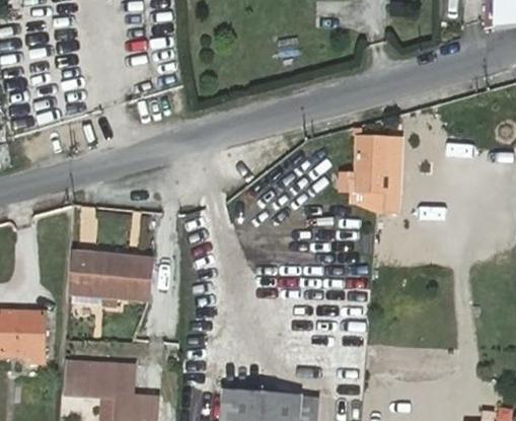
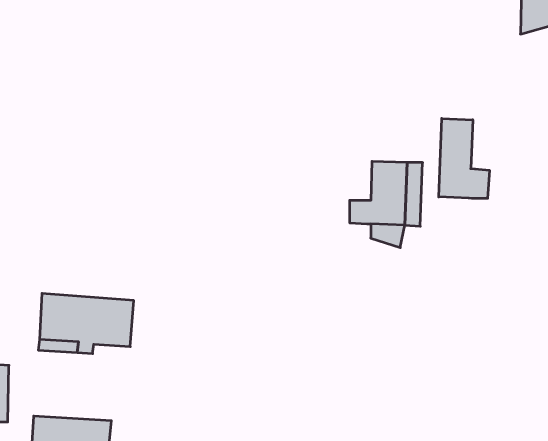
building: none -> [439,118,489,198]

